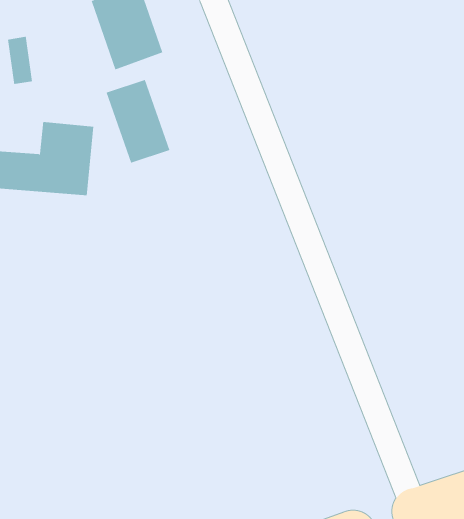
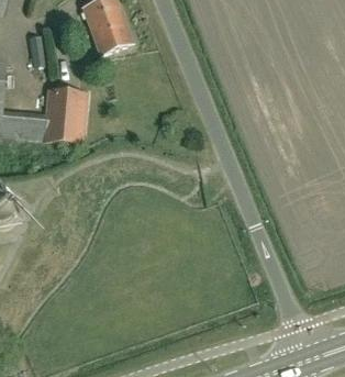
building: [106,79,170,164] -> none

